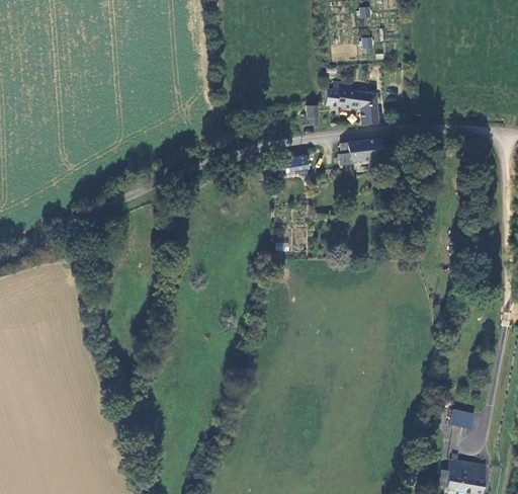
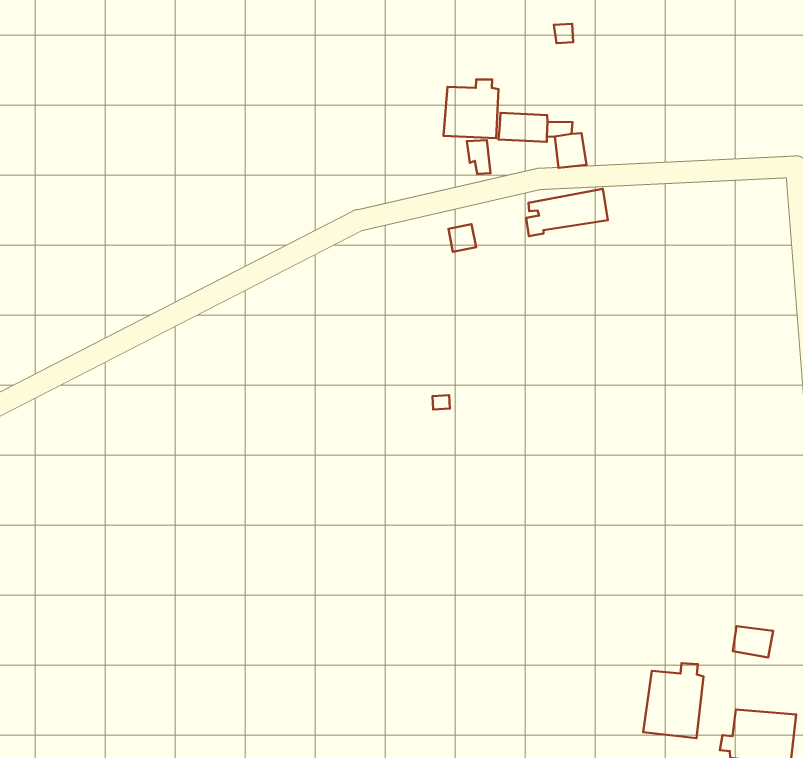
building: none -> [444,80,499,138]
building: none -> [643,663,703,738]

